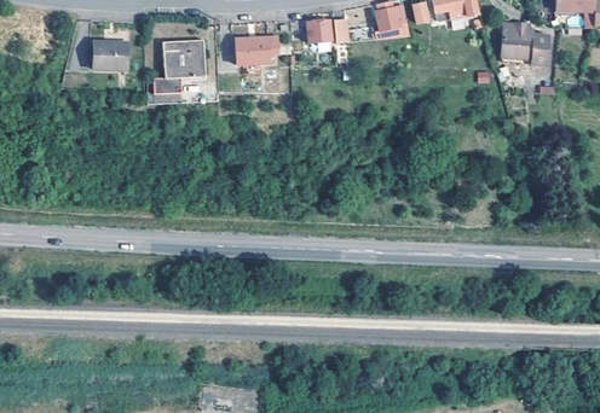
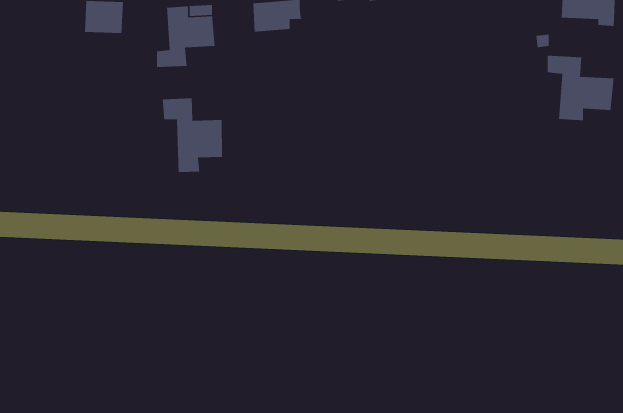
building: none -> [547,55,614,121]
building: none -> [162,98,223,173]

